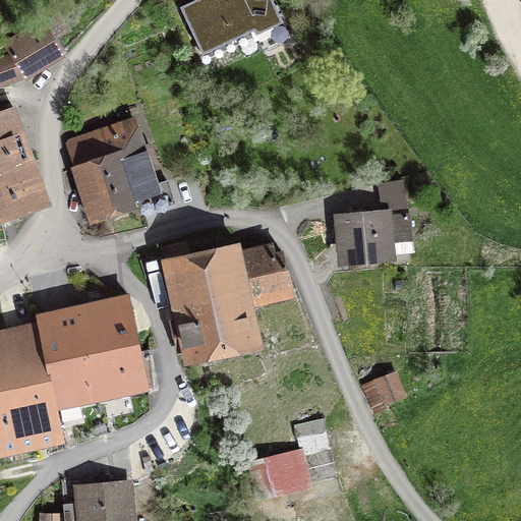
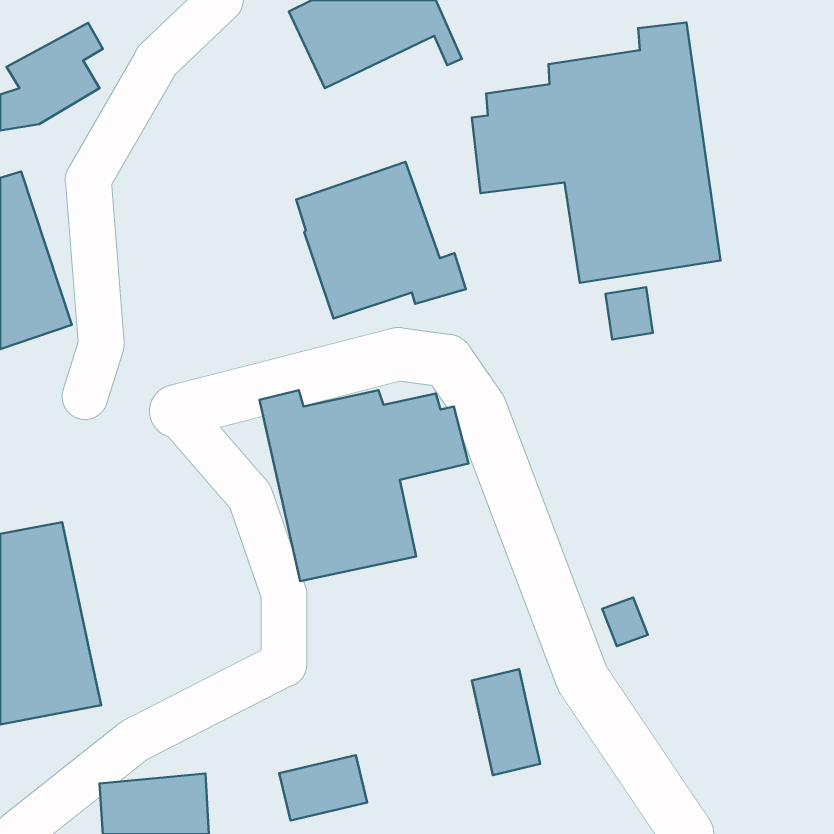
building: none -> [472,23,720,283]
building: [68,124,174,222] -> [296,162,466,319]
building: [333,215,410,258] -> none
building: [37,297,148,407] -> none
building: [252,454,307,495] -> [279,755,367,821]

